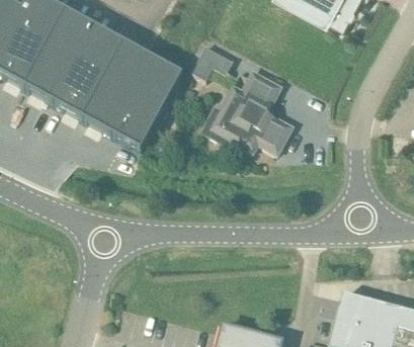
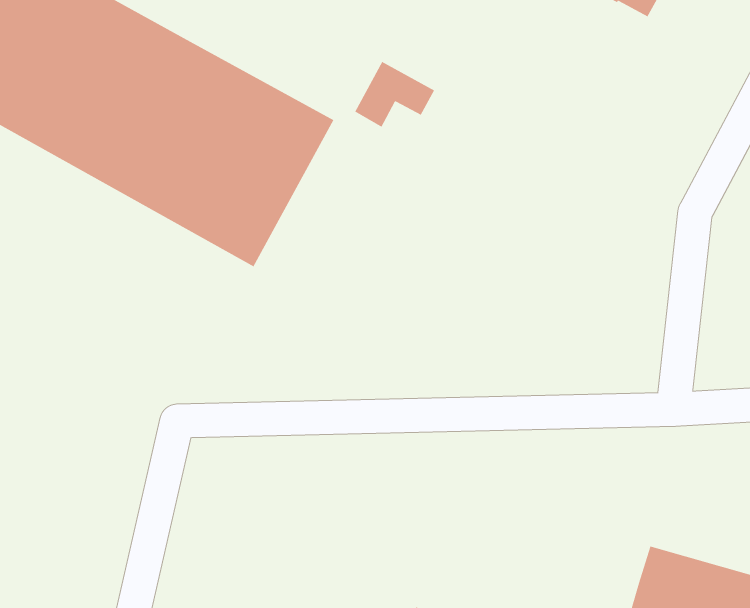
building: [203,72,293,155] -> none

